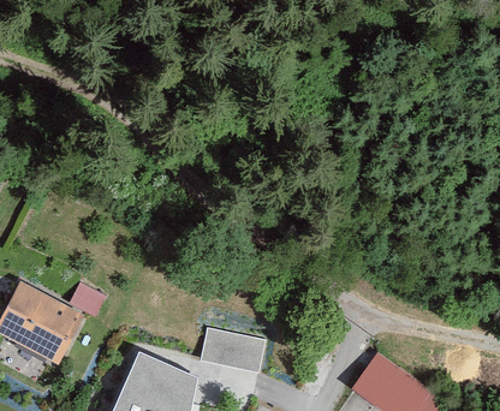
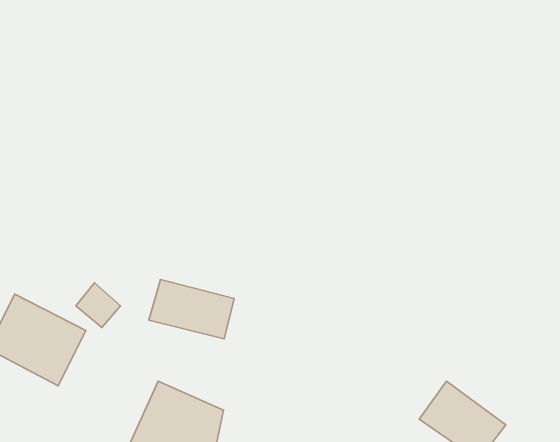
building: [198,322,269,371] -> [149,280,234,339]

